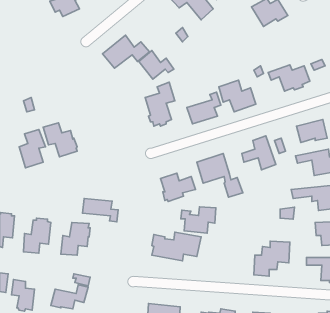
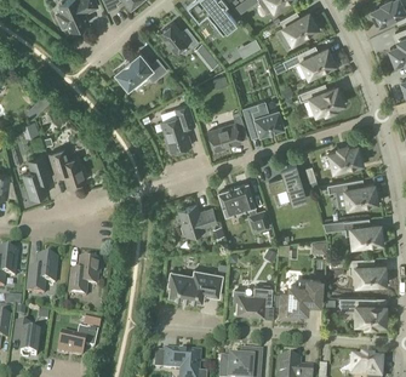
building: none -> [284,45,339,76]
building: [139,51,174,79] -> [160,22,199,53]
building: [83,198,118,222] -> none
building: [181,207,216,233] -> [235,287,274,316]

